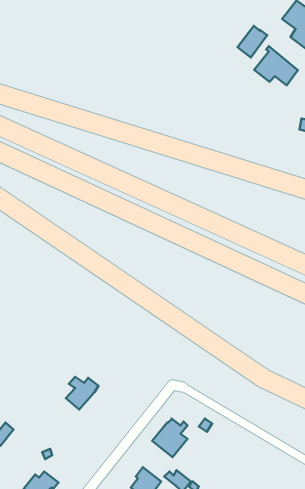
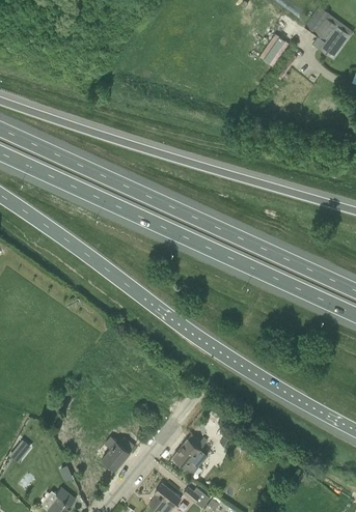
building: [254,46,298,85] -> none
building: [66,377,98,409] -> [102,436,135,470]

